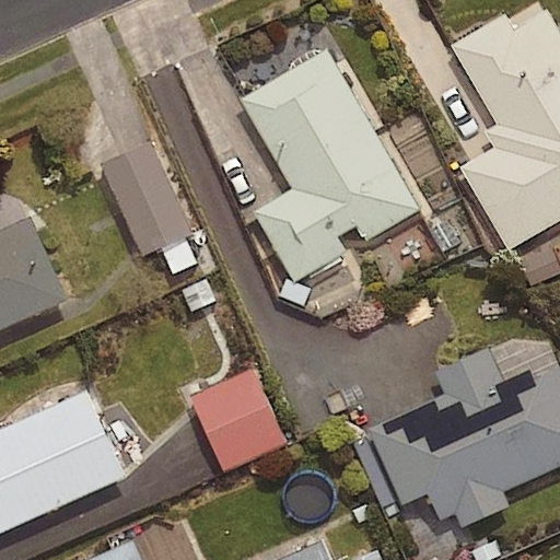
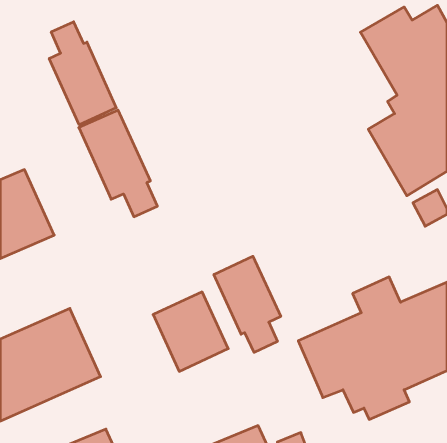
building: none -> [49,22,116,125]
building: [241,49,420,283] -> none
building: none -> [214,256,281,352]

